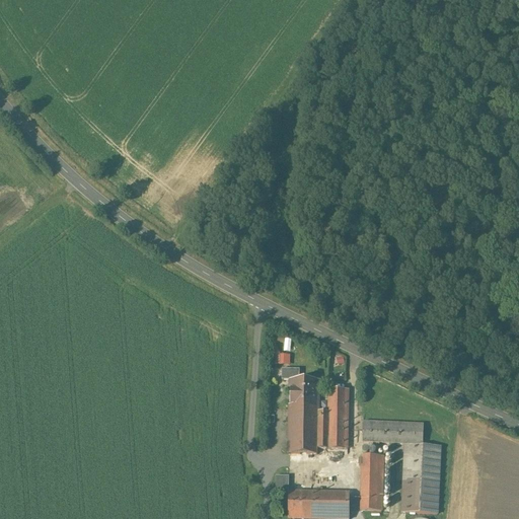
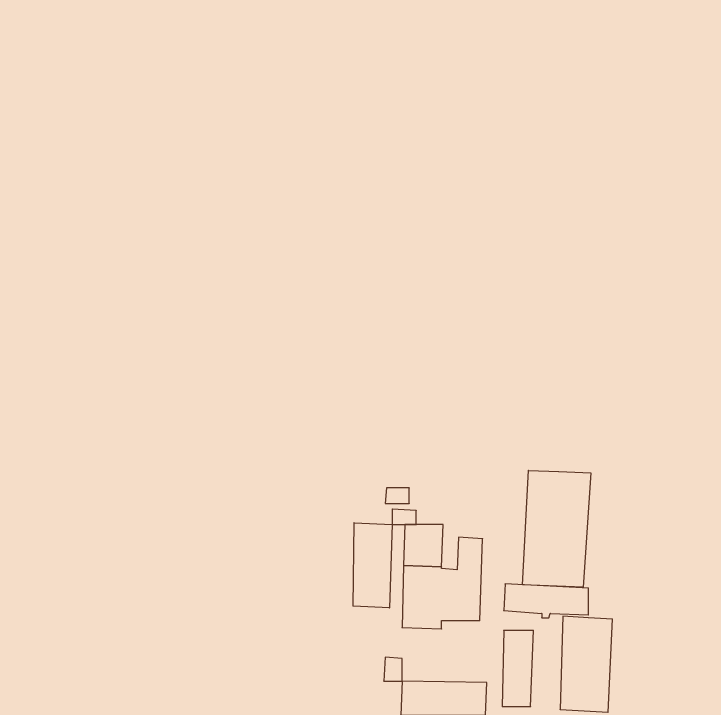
building: none -> [523,470,591,587]
building: none -> [353,523,392,608]

